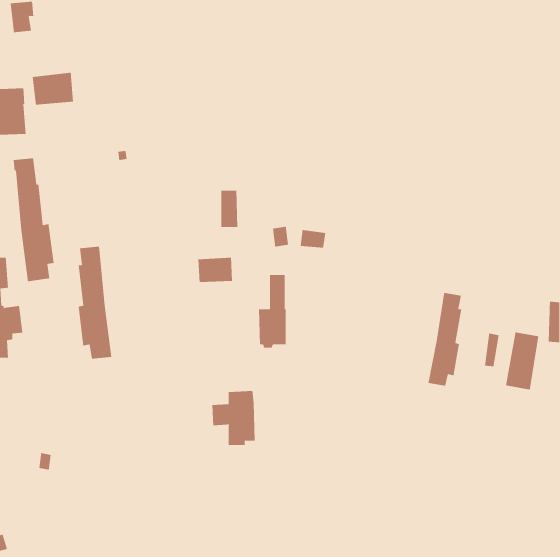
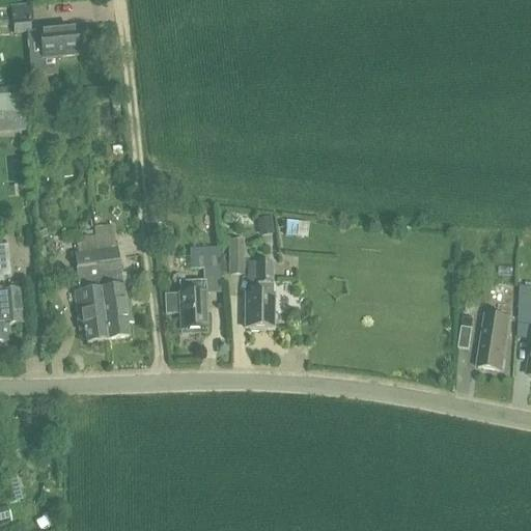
building: [32,72,74,105] -> [38,24,78,55]
building: [13,158,55,282] -> [92,220,132,337]
building: [221,190,238,227] -> [227,236,244,272]
building: [428,292,462,387] -> none
building: [212,391,255,446] -> [164,279,205,331]

